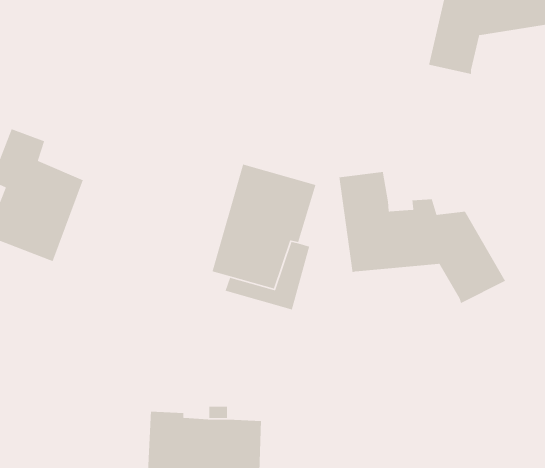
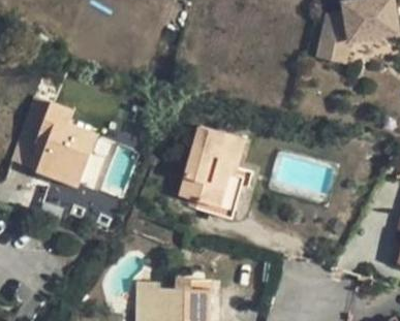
building: [339,171,506,304] -> none

